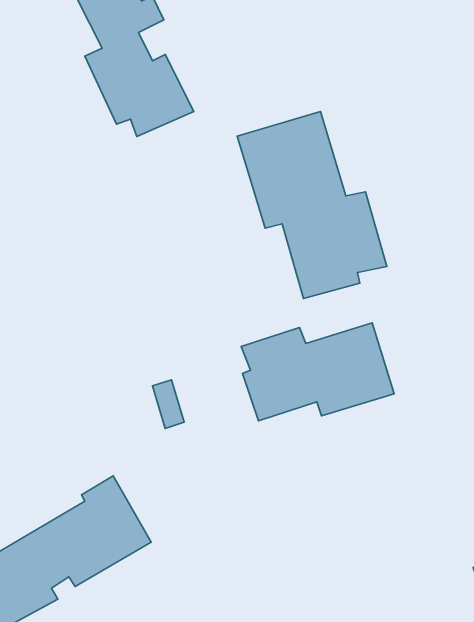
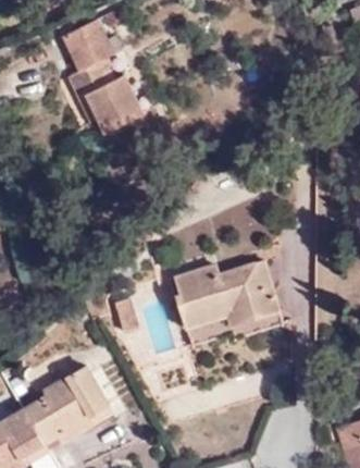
building: [237,111,387,298] -> none
building: none -> [187,308,284,344]

